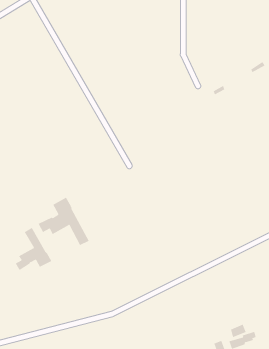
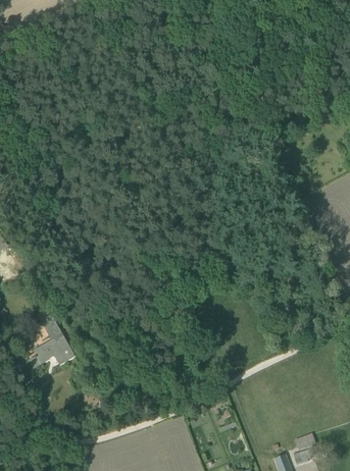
building: [38,197,90,246] -> none

